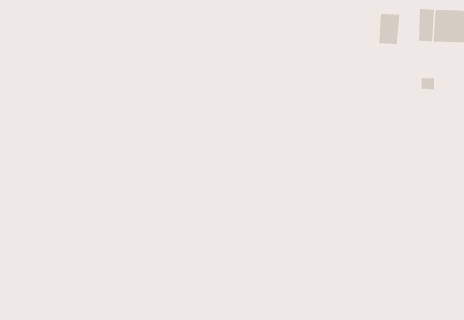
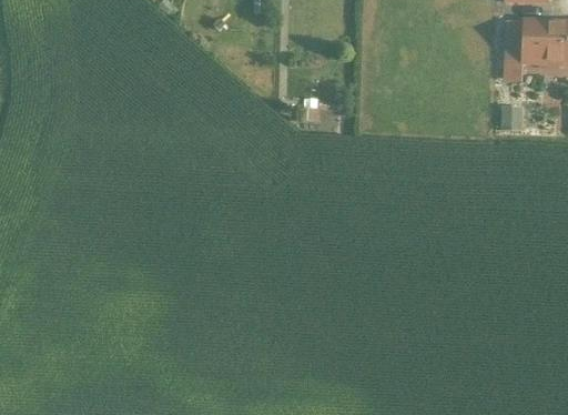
building: [379,13,400,45] -> none

